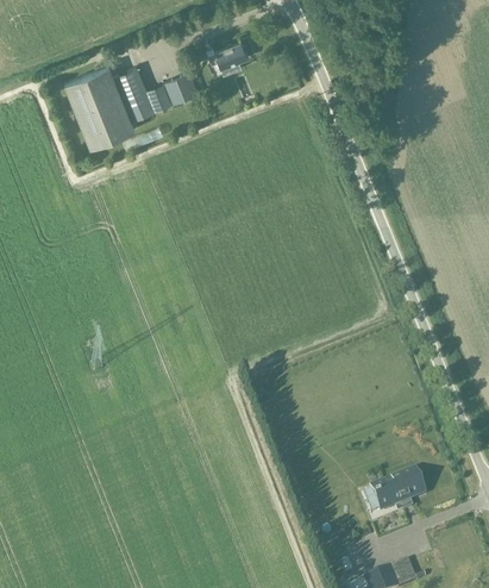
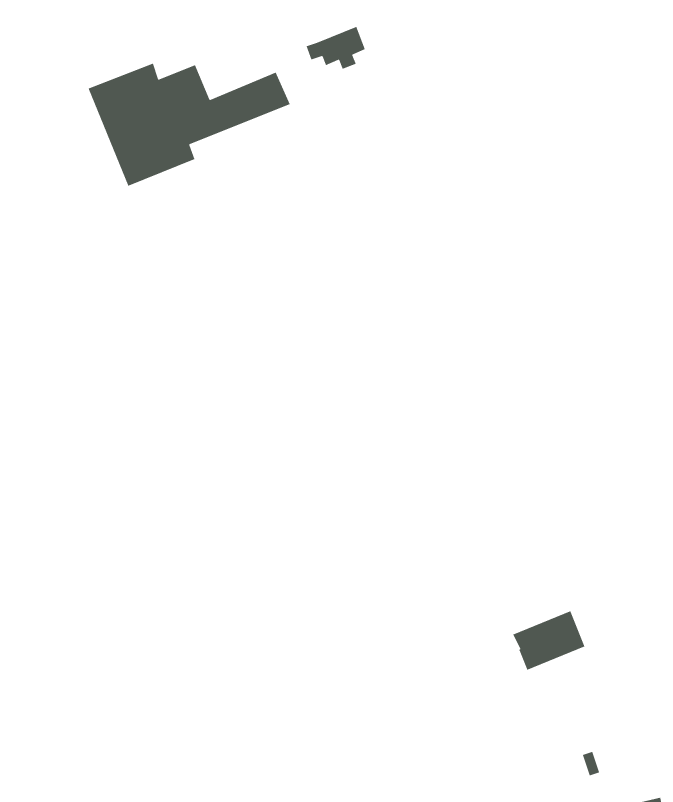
building: [375,477,422,517] -> [512,610,586,671]

